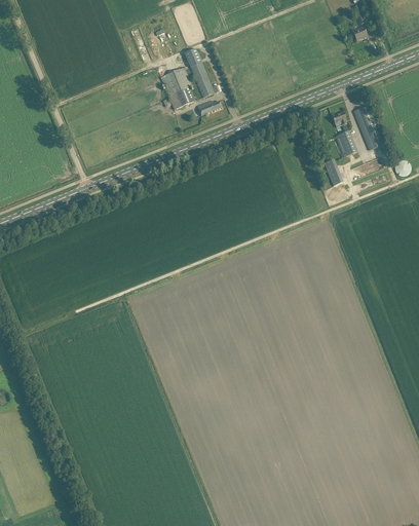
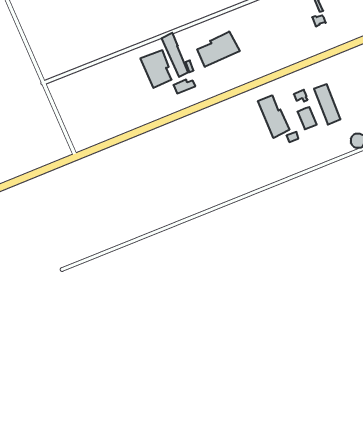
building: none -> [197,31,240,67]
building: none -> [258,95,289,138]

